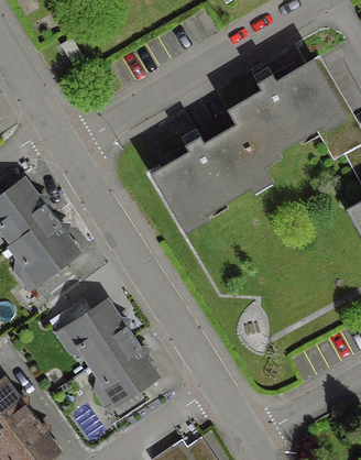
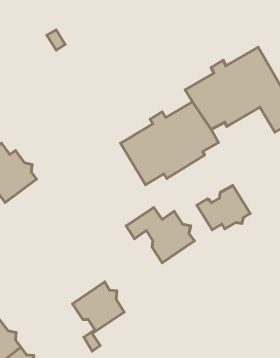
building: [11,217,75,302] -> none
building: none -> [197,185,250,230]
building: [50,299,131,365] -> [126,207,194,263]

